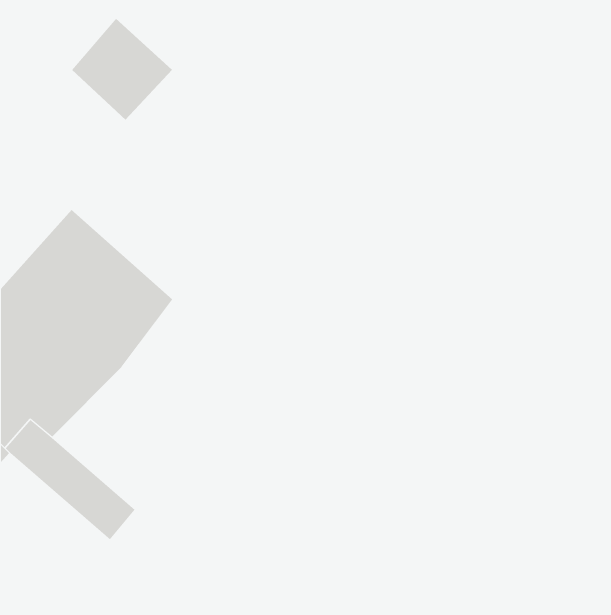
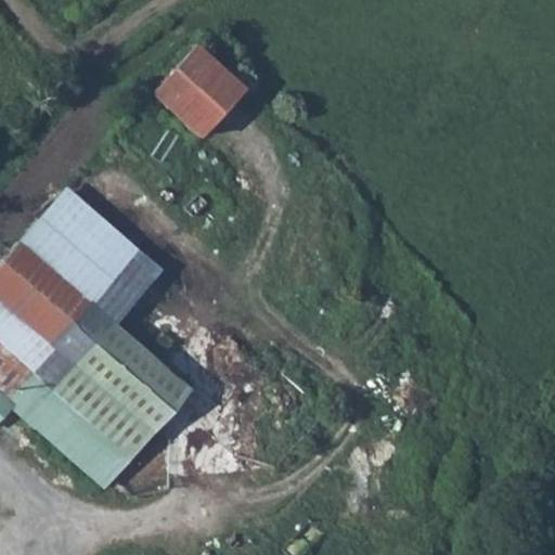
building: [71,18,173,120] -> [152,49,243,141]
building: none -> [53,330,185,457]

